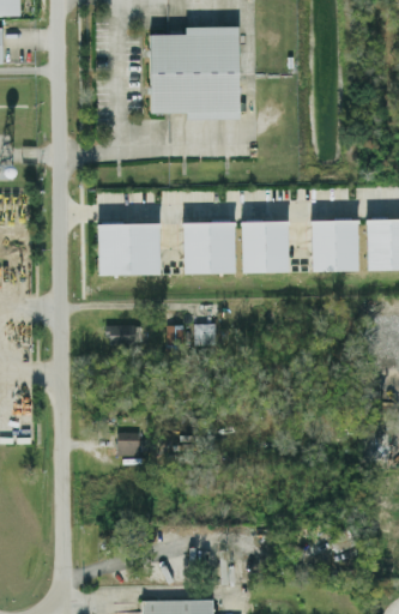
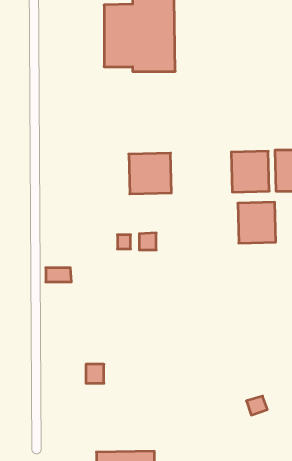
building: [241,221,289,272] -> [238,202,276,243]
building: [97,222,161,275] -> none
building: [107,325,139,343] -> [46,268,71,282]
building: [116,432,139,456] -> [86,364,104,383]

